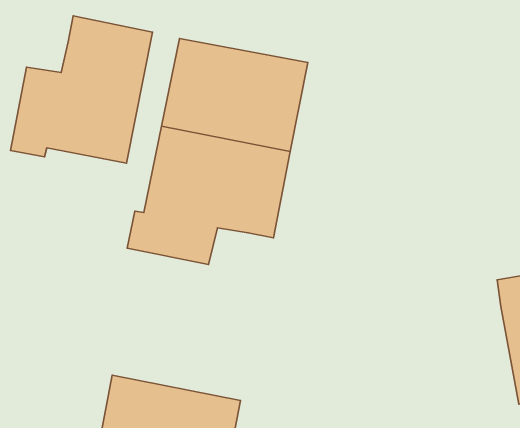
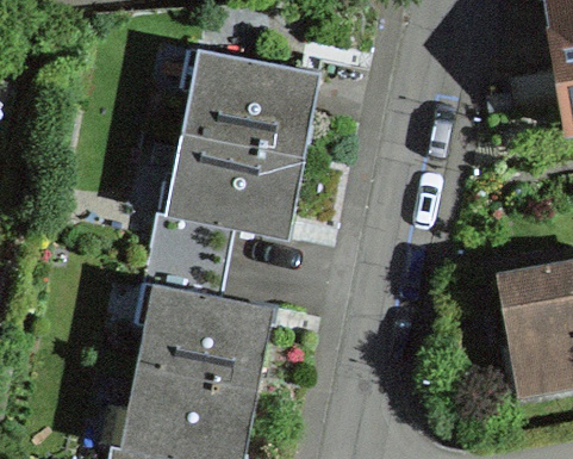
building: [10,16,152,163] -> none
building: none -> [136,247,273,390]

